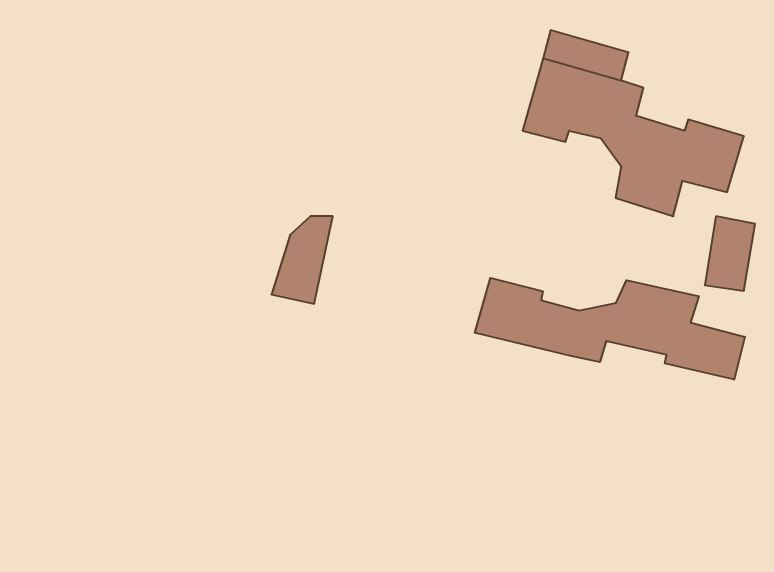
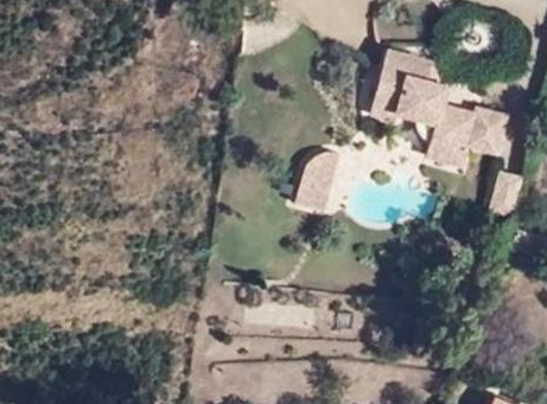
building: [271,216,333,304] -> [300,158,339,213]
building: [475,278,745,380] -> none

